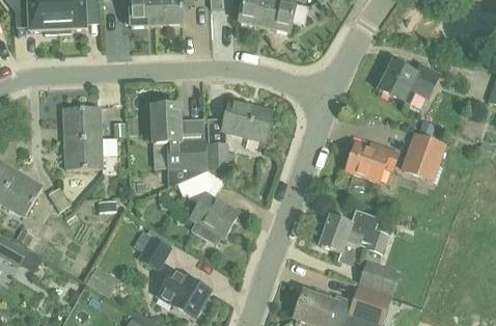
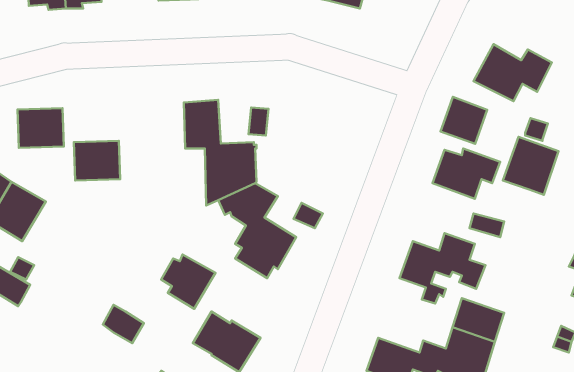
building: [220,100,271,139] -> none
building: none -> [440,97,487,144]
building: [62,106,99,137] -> [17,108,64,148]
building: [205,141,228,168] -> none

